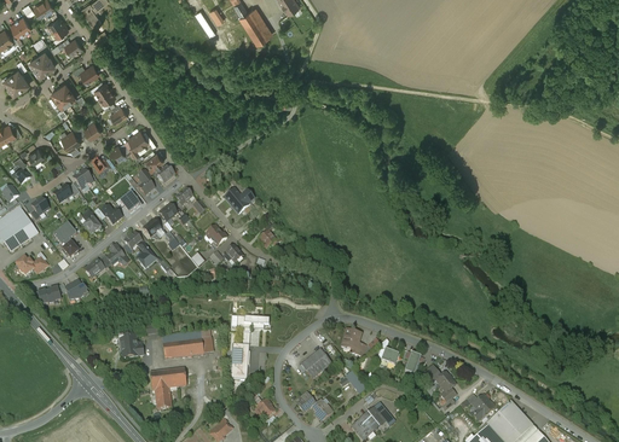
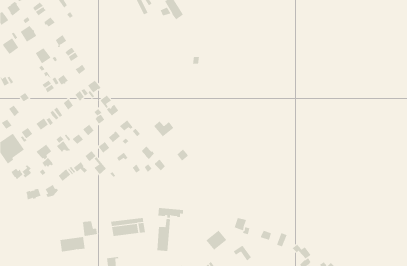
building: [149,368,186,391] -> [60,237,85,252]

